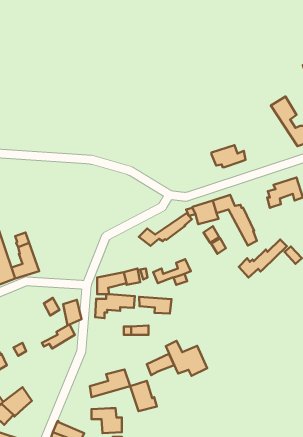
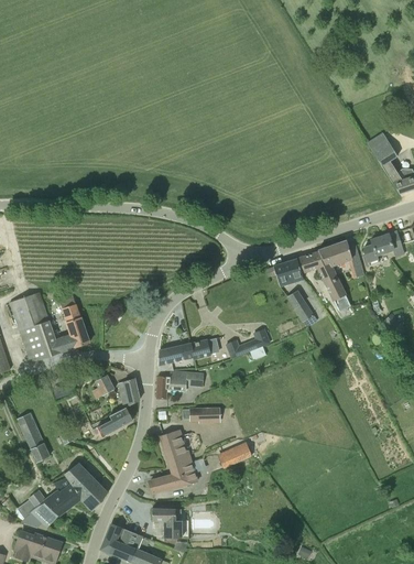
building: [212,145,246,167] -> [318,240,359,267]
building: [139,213,192,246] -> none
building: [239,239,287,277] -> none
building: [139,297,171,314] -> none
building: [166,341,207,376] -> none
building: none -> [66,462,108,510]
building: [130,381,157,411] -> [160,430,192,466]

